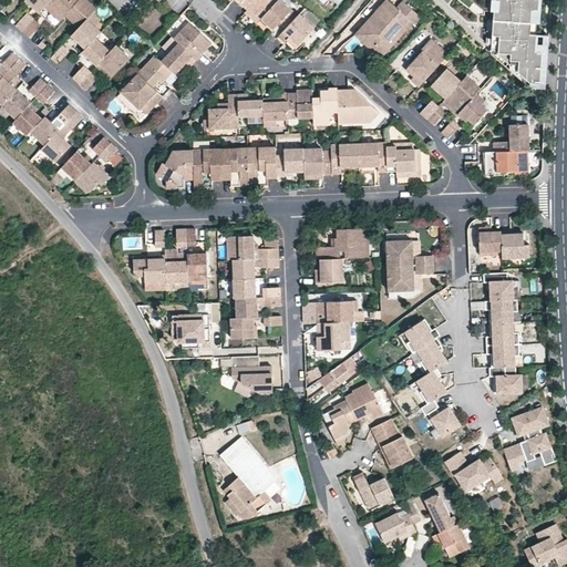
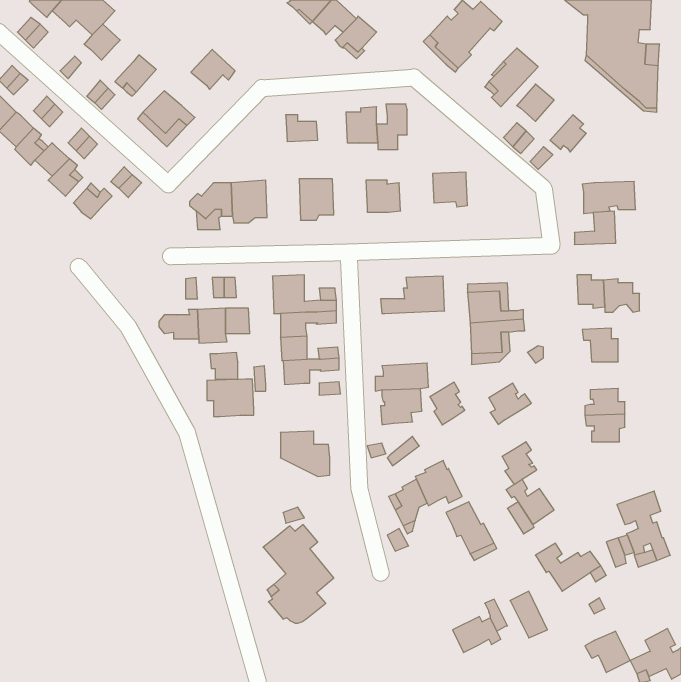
building: [173,22,210,59] -> none
building: [81,38,111,68] -> none
building: [136,55,172,87] -> none
building: [442,79,478,116] -> none
building: [262,90,288,121] -> none
building: [338,90,380,123] -> none
building: [207,96,238,130] -> none
building: [493,124,527,152] -> [574,211,616,245]
building: [331,144,360,175] -> none
building: [386,146,420,171] -> none
building: [276,147,305,177] -> none
building: [220,148,249,184] -> none
building: [75,163,110,193] -> none
building: [315,259,344,285] -> none
building: [484,300,517,323] -> none
building: [230,318,254,340] -> [210,353,238,379]
building: [417,337,446,372] -> [430,382,465,425]
building: [488,367,520,392] -> none
building: [354,475,393,508] -> none
building: [431,522,468,556] -> [585,631,630,673]

